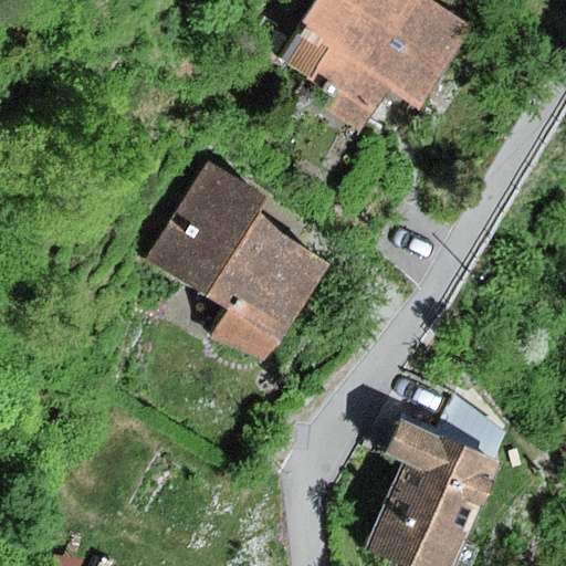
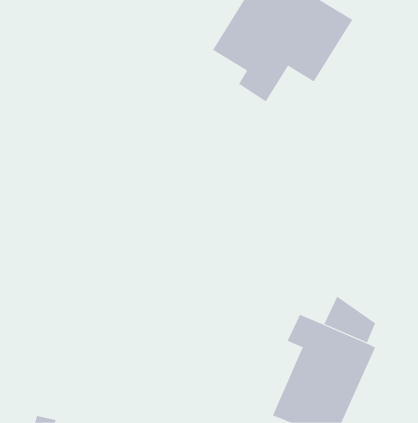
building: [144,159,329,364] -> none

